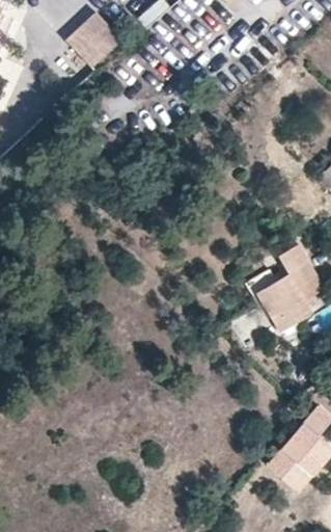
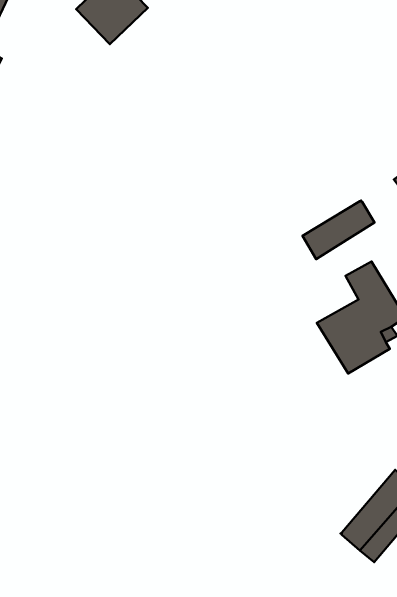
building: none -> [303,200,375,259]

